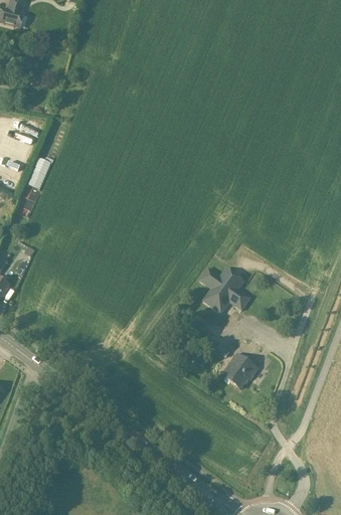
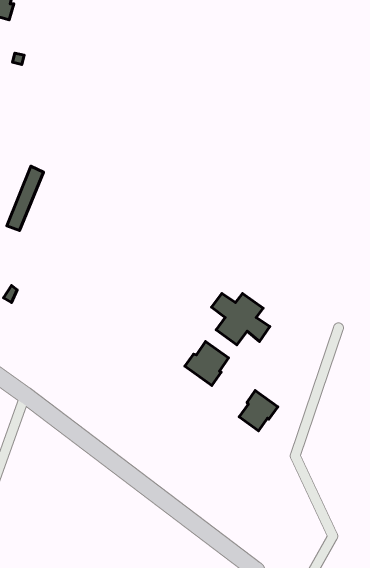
building: none -> [185,341,229,385]

